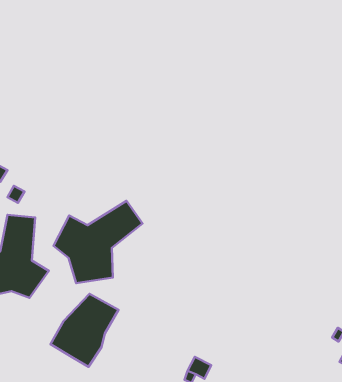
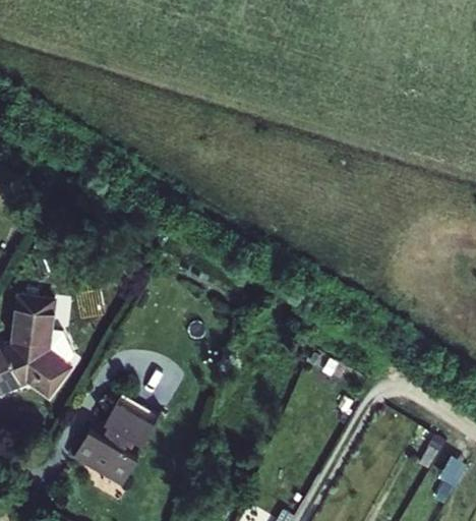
building: [54,201,143,283] -> none

